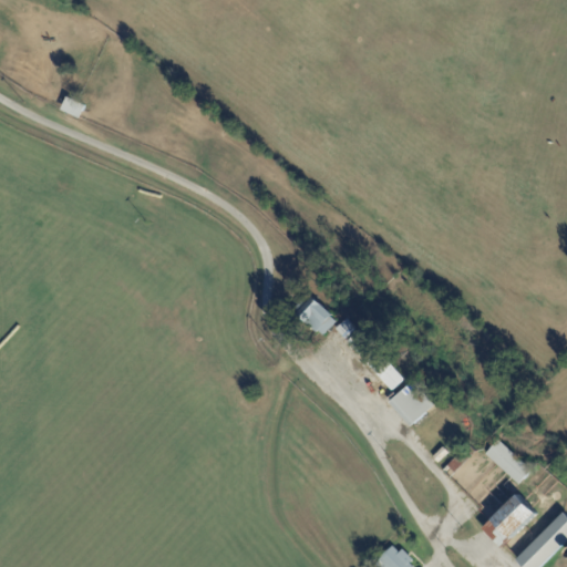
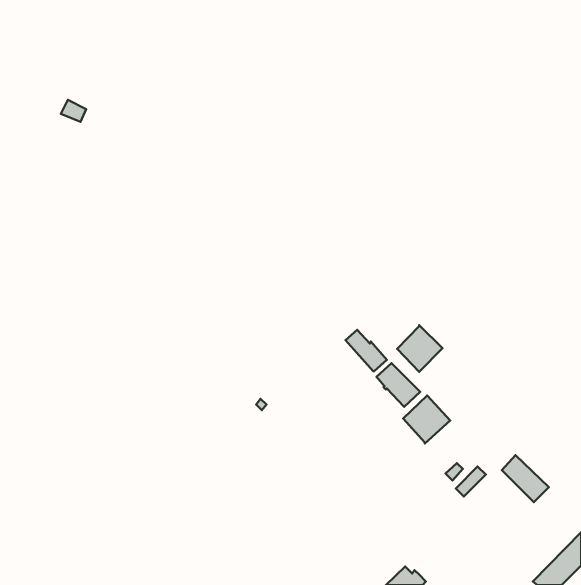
building: [292,295,334,334] -> none
building: none -> [397,325,442,372]
building: [491,494,534,538] -> none

